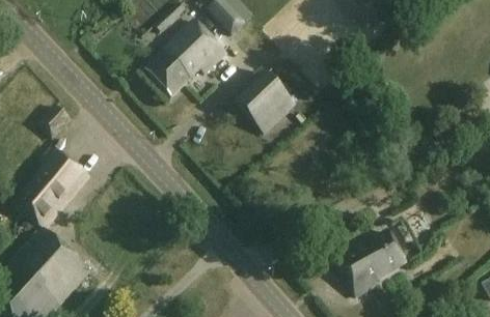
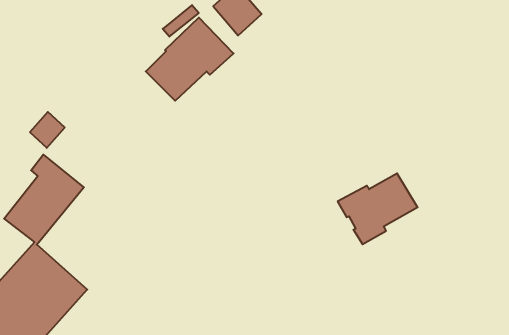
building: [237,69,298,131] -> none
building: [335,230,409,295] -> [338,173,418,244]

